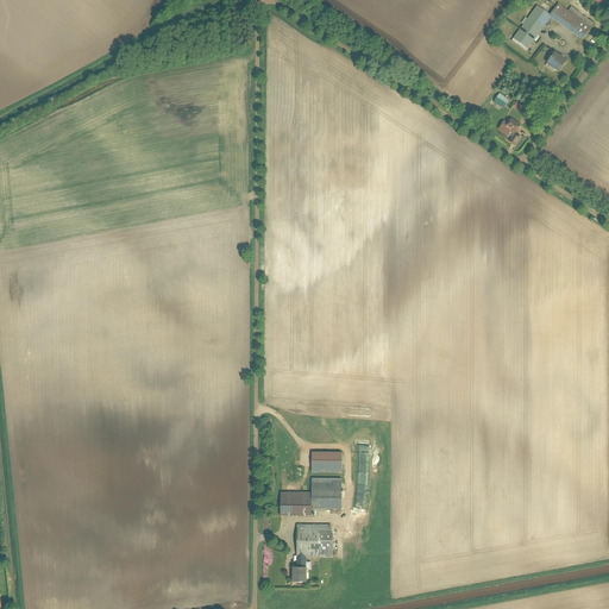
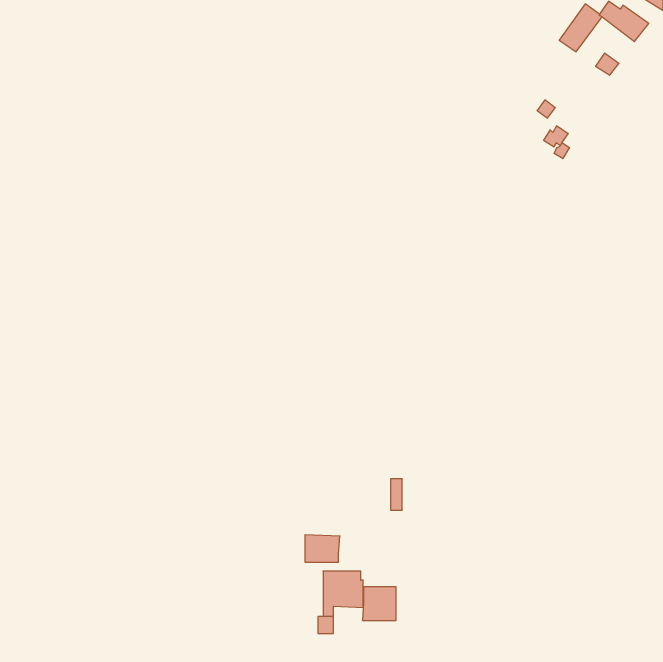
building: [310,451,341,471] -> none
building: [310,477,341,508] -> [362,587,396,620]

